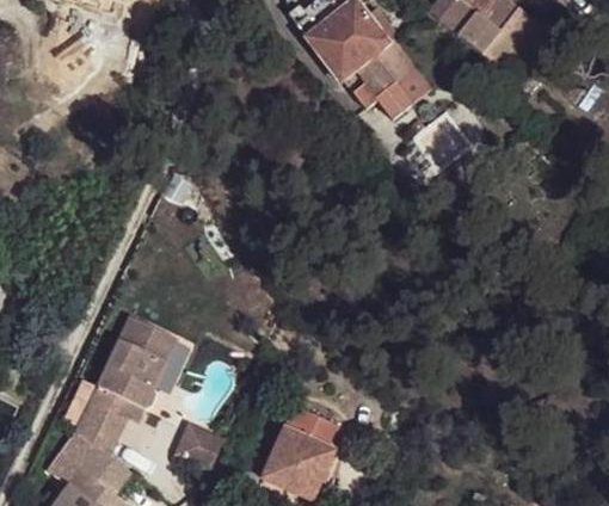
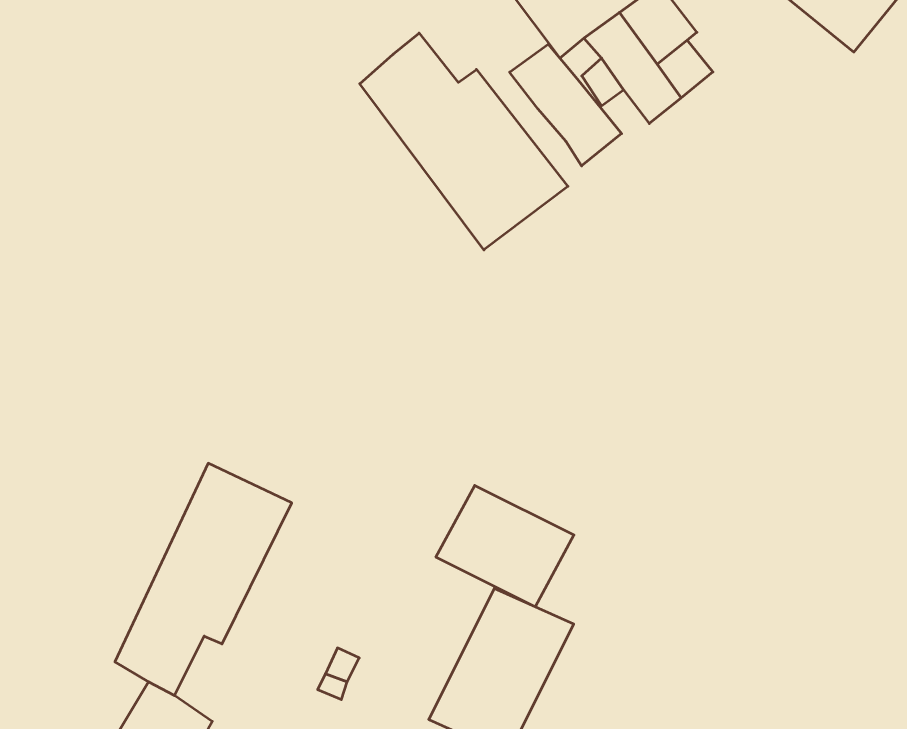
building: none -> [360,33,568,250]
building: none -> [510,44,622,166]
building: none -> [436,485,574,607]

